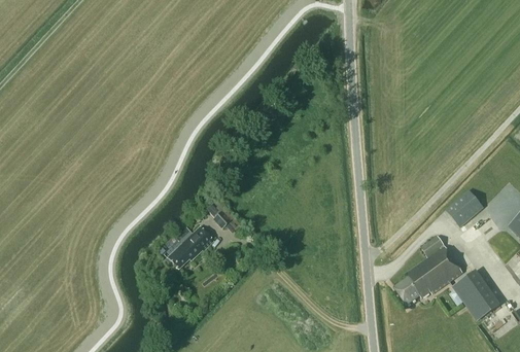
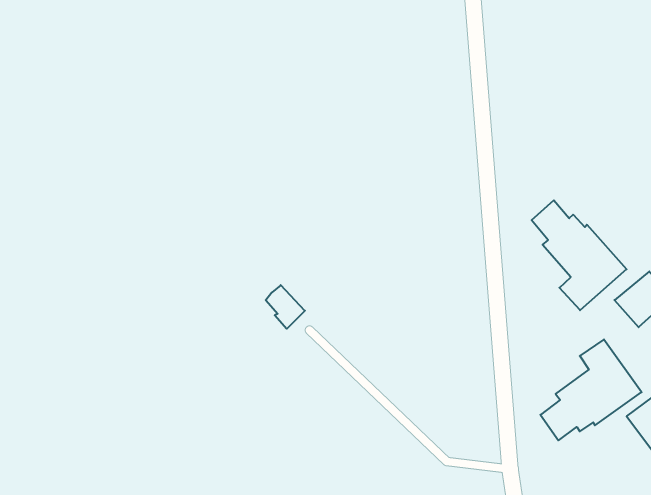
building: none -> [532,200,627,310]
building: [167,226,213,269] -> none

